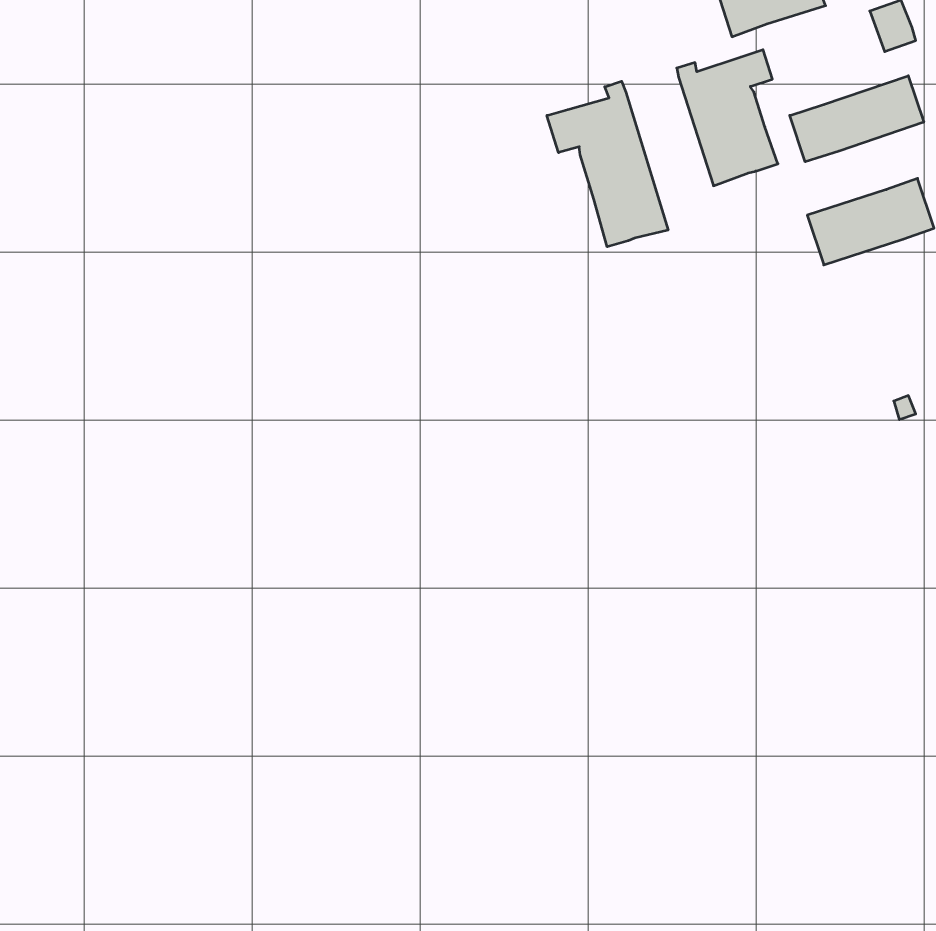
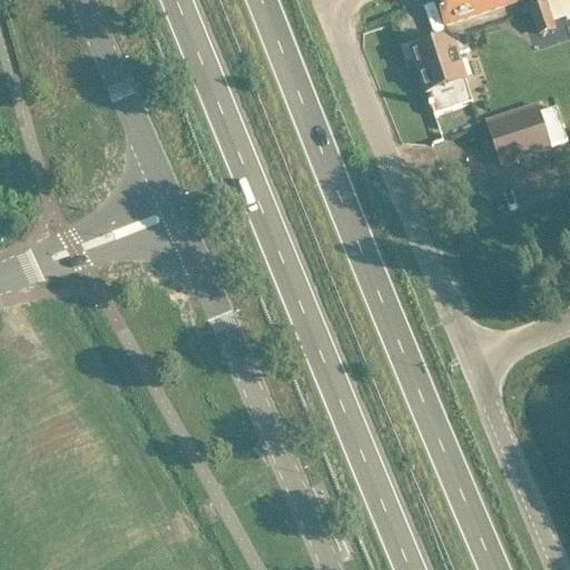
building: [790,76,924,162] -> none
building: [547,81,668,247] -> none

